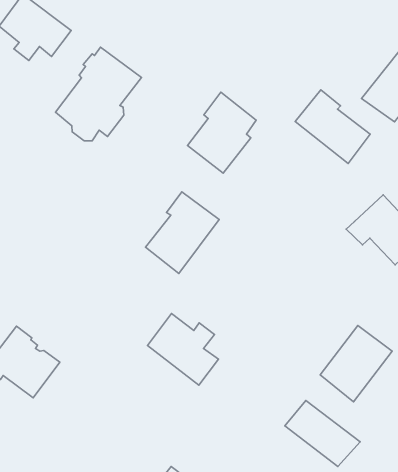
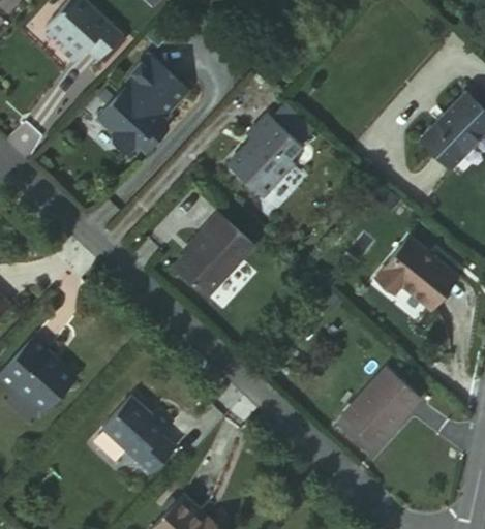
building: [295,90,370,163] -> none
building: [147,313,219,385] -> [102,398,175,474]
building: [285,400,360,466] -> none

